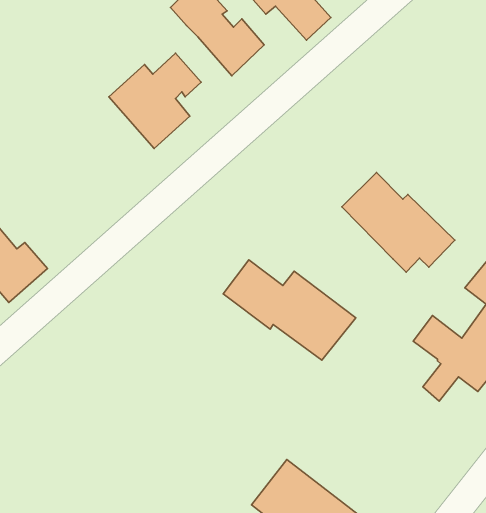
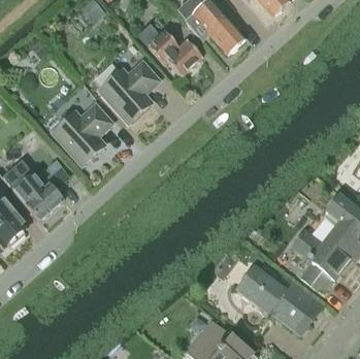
building: none -> [53,104,112,165]
building: [342,172,455,272] -> none
building: [223,260,356,360] -> [239,267,324,331]

